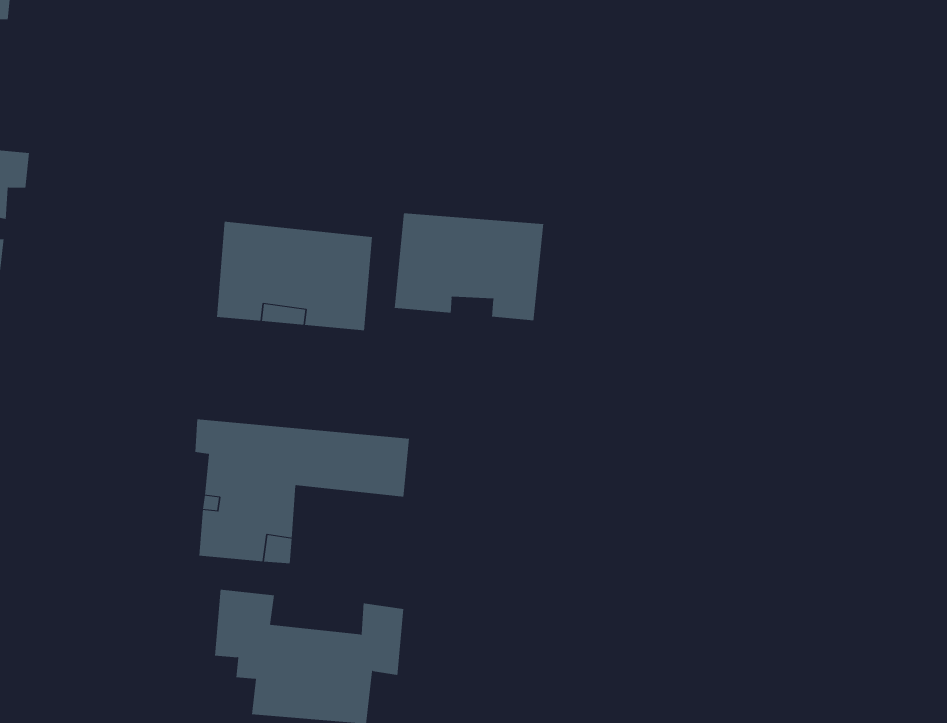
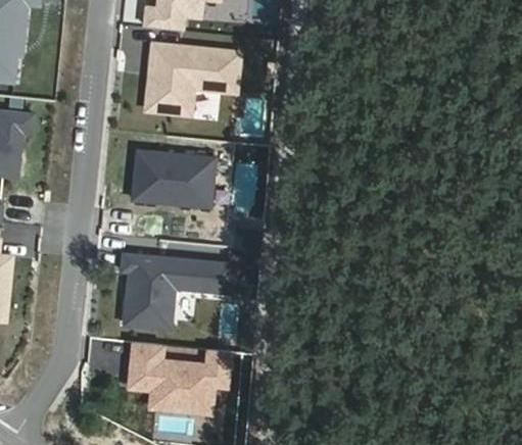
building: none -> [145,44,238,113]
building: [394,213,544,321] -> none

